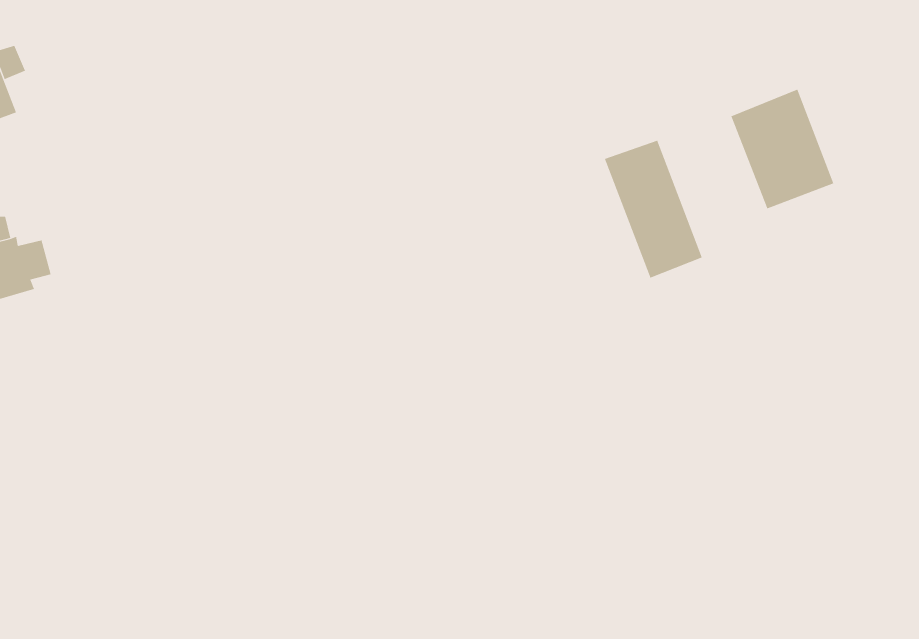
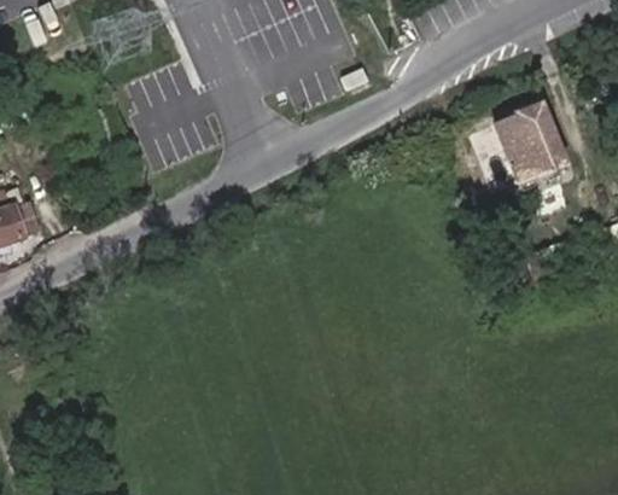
building: [604,140,702,278] -> none

